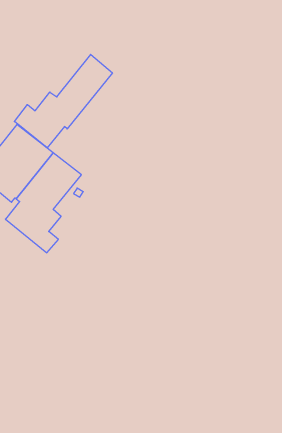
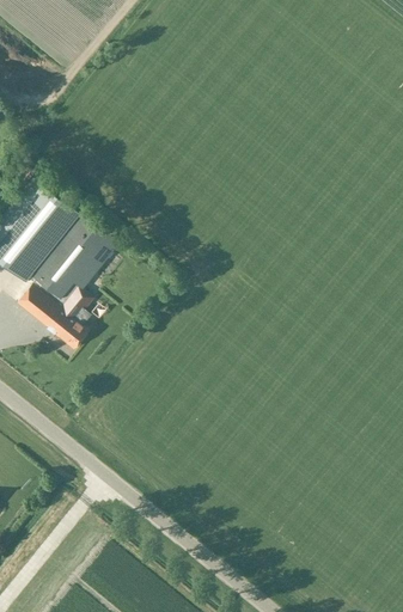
building: [14,54,112,148] -> none

